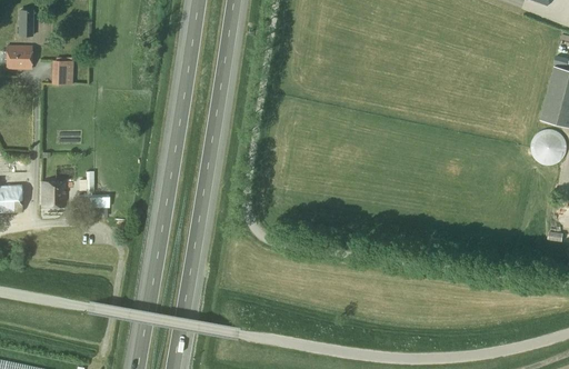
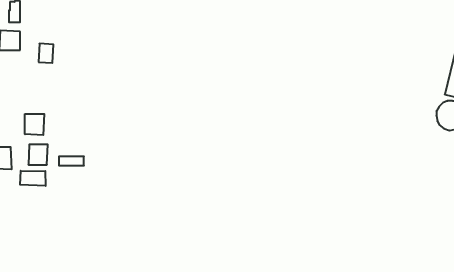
building: none -> [25,114,44,135]
building: none -> [20,171,46,186]

